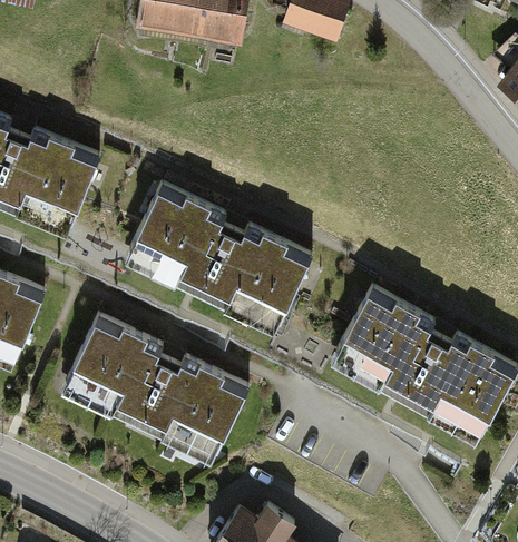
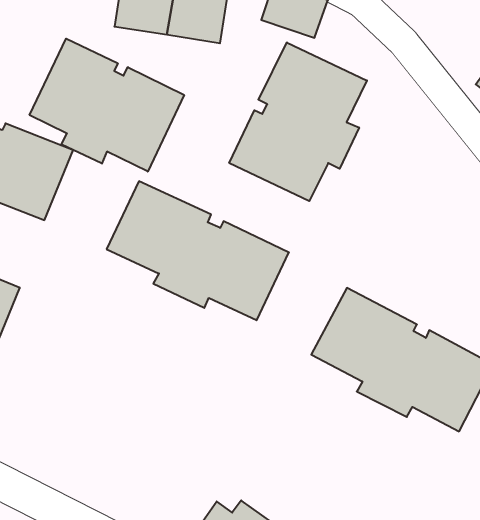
building: none -> [30,39,184,172]
building: none -> [229,42,367,201]
building: [65,315,247,454] -> none

